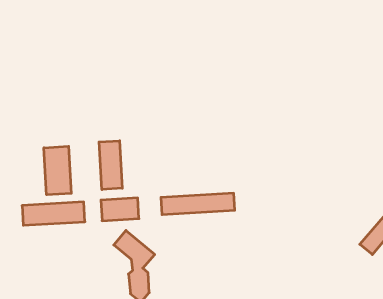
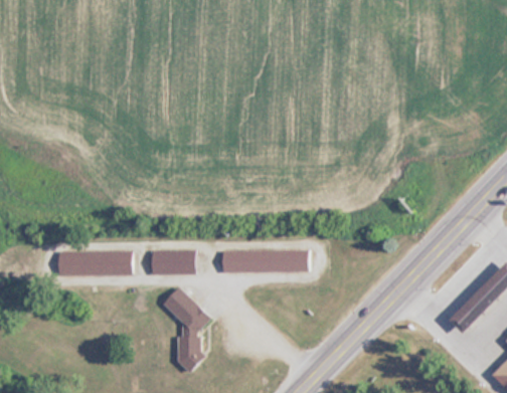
building: [99,141,122,190] -> none
building: [44,146,71,195] -> none

